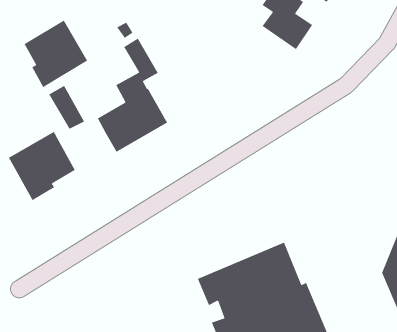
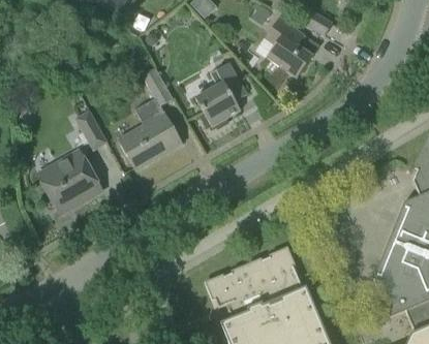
building: [23,20,88,88] -> none
building: none -> [195,62,247,126]

